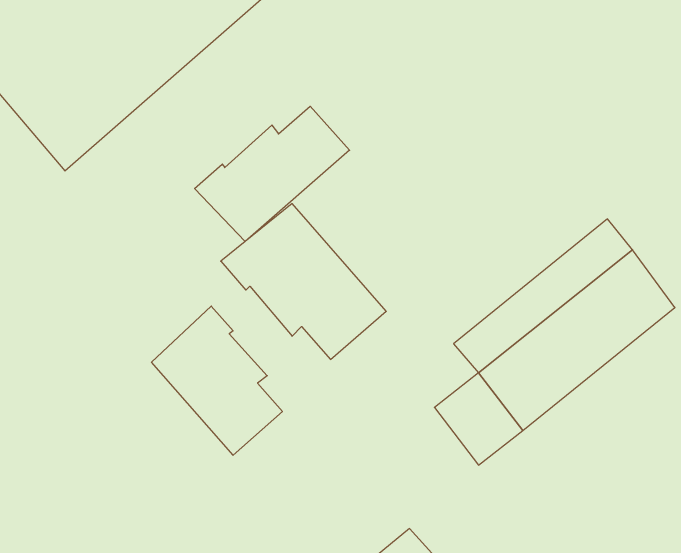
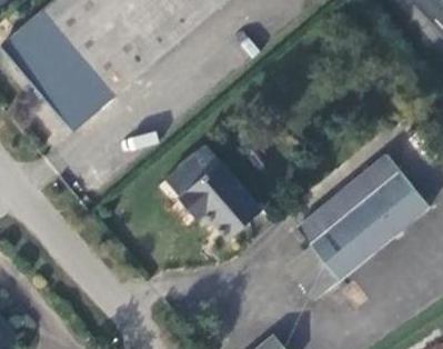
building: [195,106,350,241] -> none
building: [152,306,282,455] -> none

